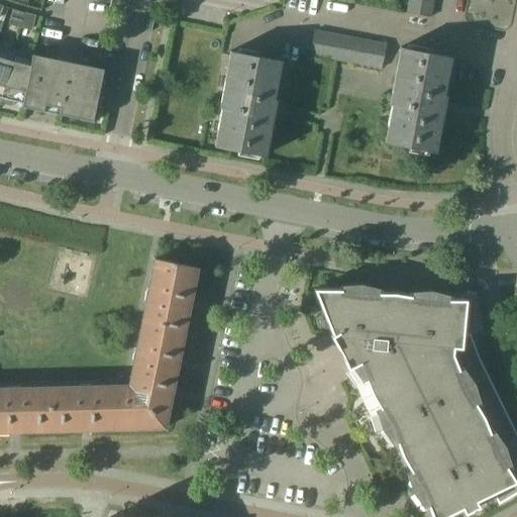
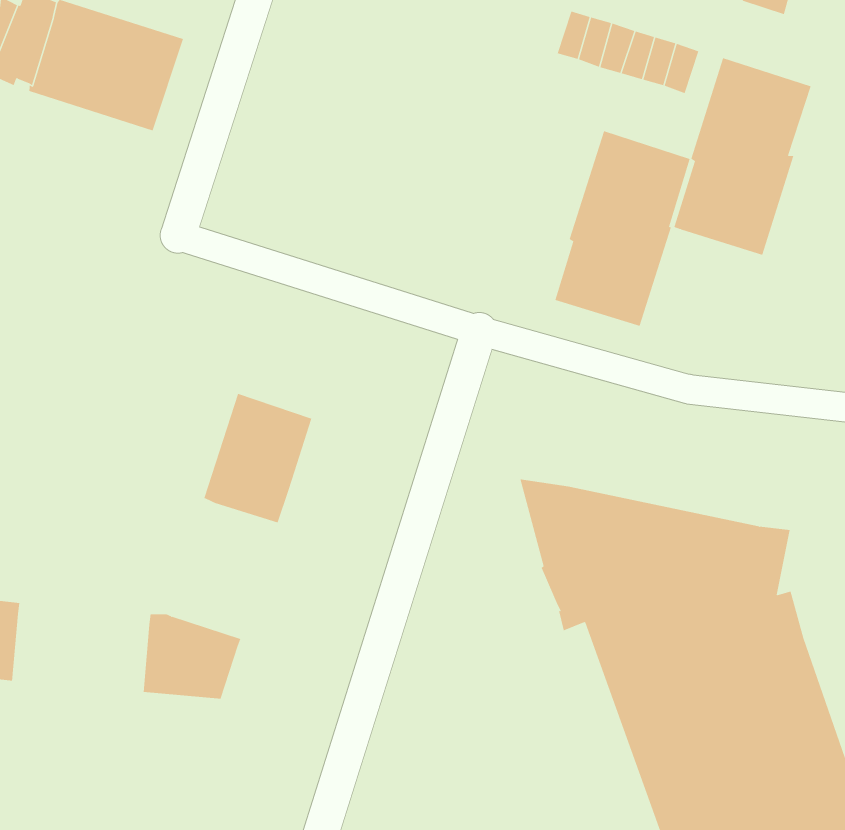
building: [216,49,282,154] -> [555,131,691,327]
building: [131,319,187,394] -> none
building: [50,386,123,431] -> none

